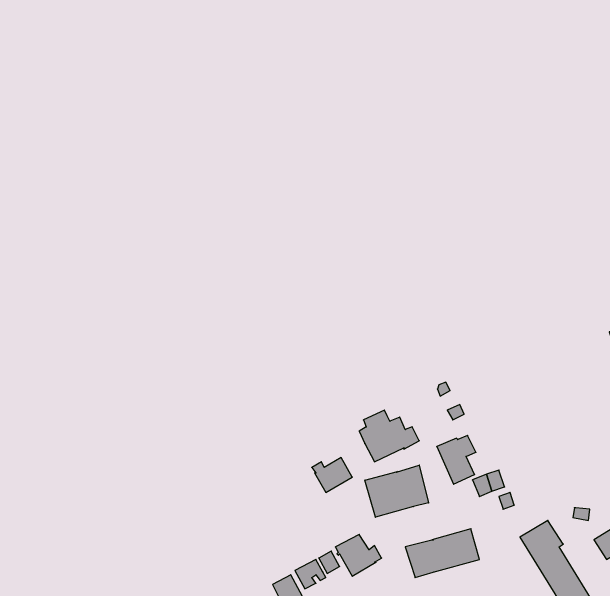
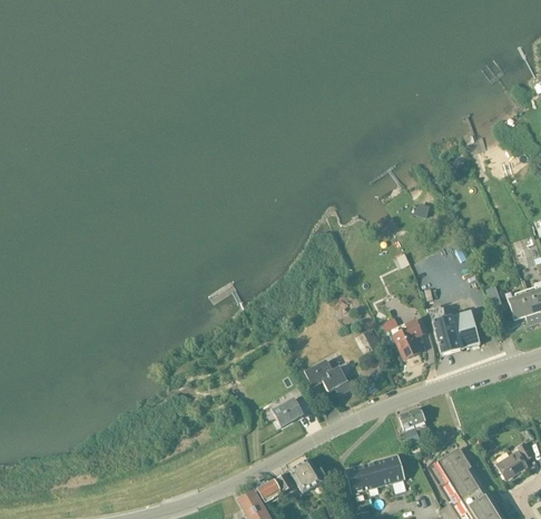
building: none -> [432,310,480,354]
building: [437,435,476,484] -> [391,320,422,359]
building: [365,465,429,517] -> none

